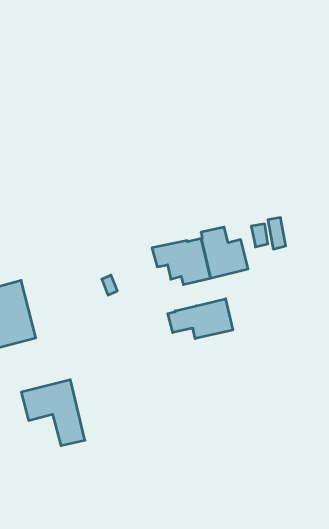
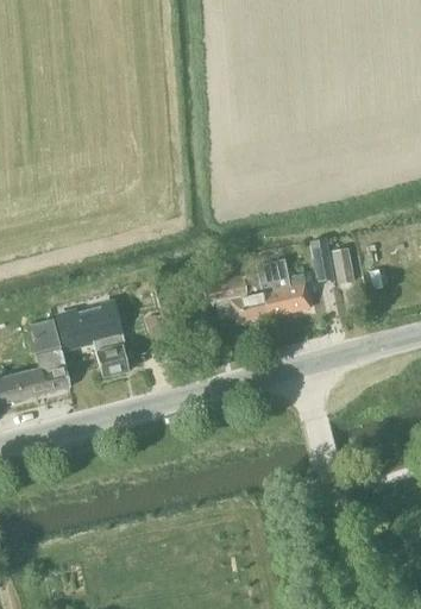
building: [168,299,233,339] -> none
building: [21,380,85,446] -> [59,302,132,377]

